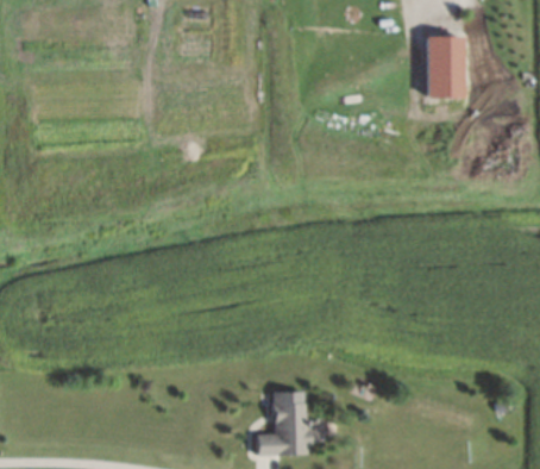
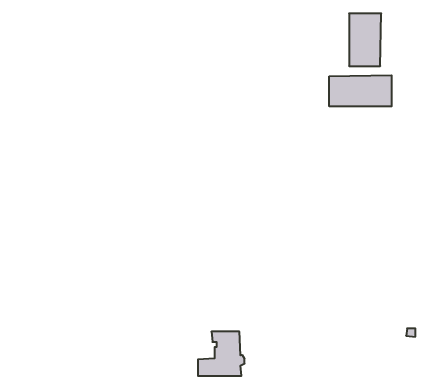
building: none -> [329,75,392,106]

